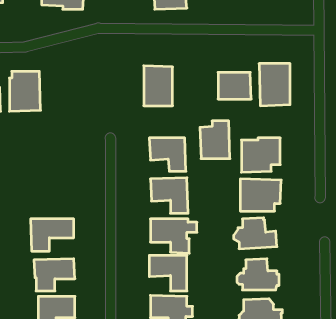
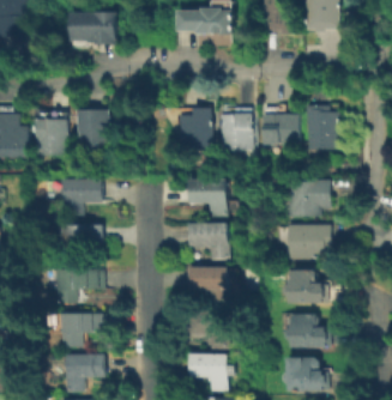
building: none -> [77,110,109,151]
building: [200,121,230,159] -> [219,107,252,147]
building: none -> [65,183,104,222]
building: none -> [62,228,103,262]

